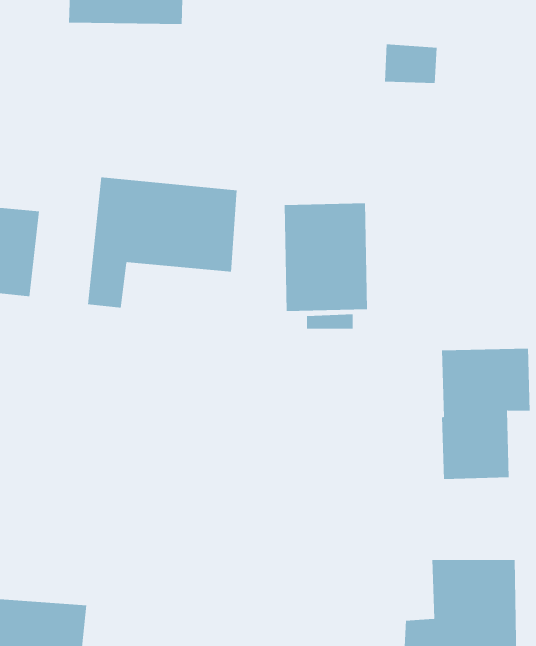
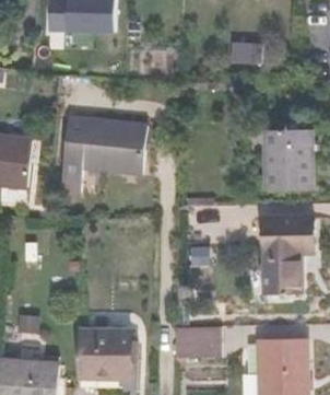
building: [284,203,368,311] -> [263,129,311,191]
building: none -> [174,327,221,359]
building: none -> [78,330,132,379]

